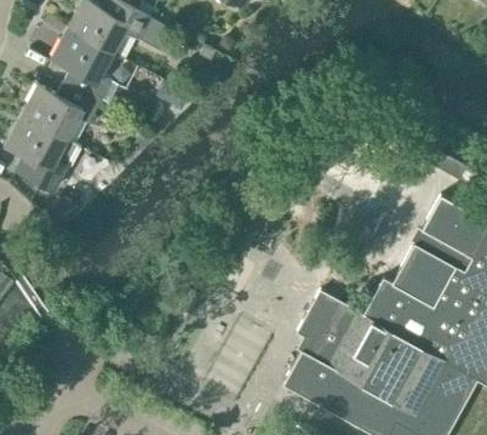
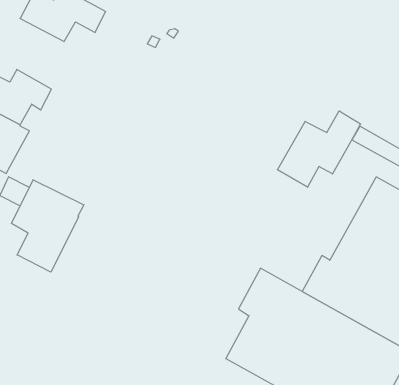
building: [52,28,114,102] -> none
building: none -> [277,111,361,187]
building: none -> [11,180,84,272]

